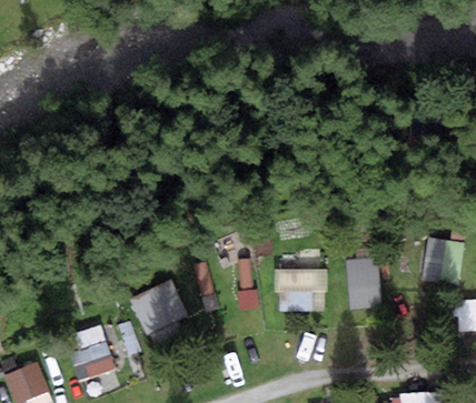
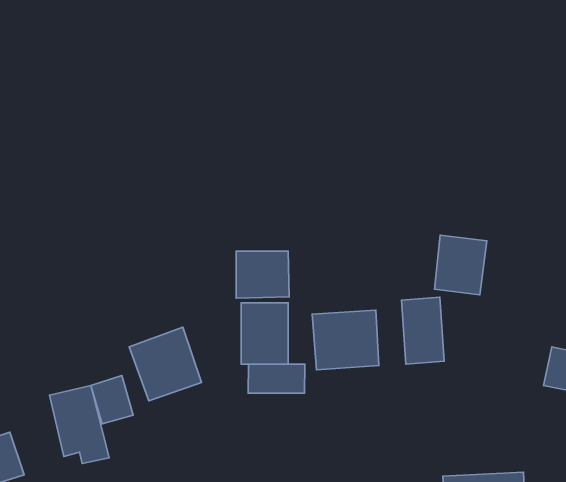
building: none -> [236,251,289,298]
building: [422,236,463,283] -> [434,235,487,295]
building: none -> [248,364,305,393]

